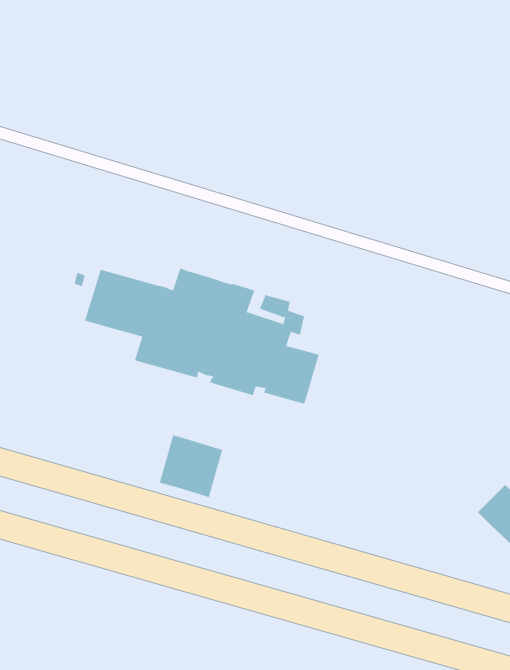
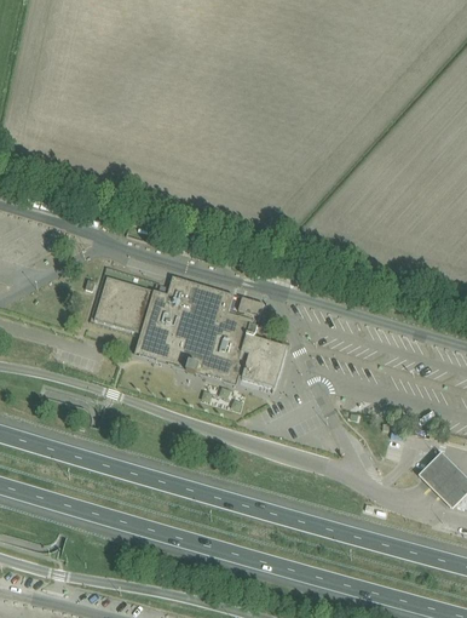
building: [159,435,223,498] -> none

